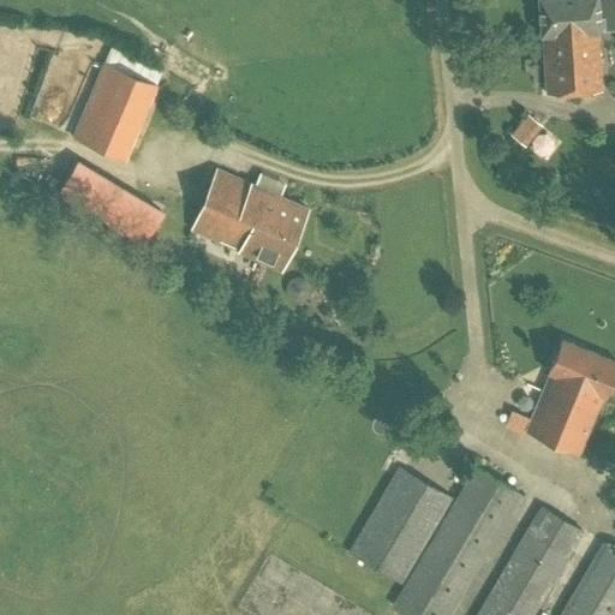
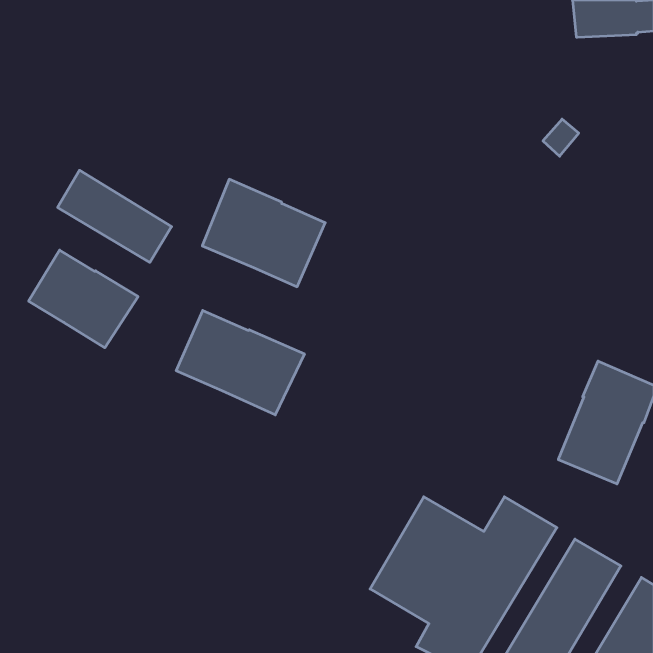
building: [543,34,602,95] -> none
building: [72,53,159,161] -> none
building: none -> [29,250,138,348]
building: none -> [176,310,304,415]

